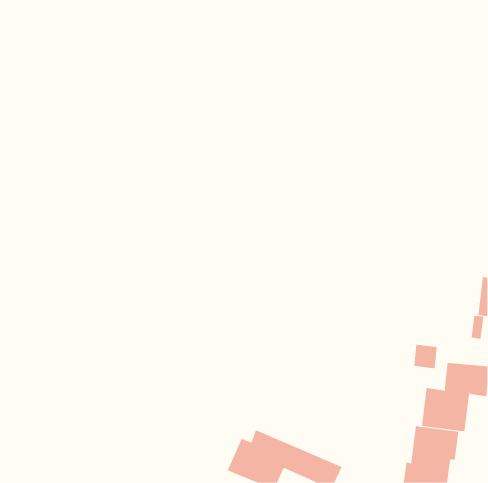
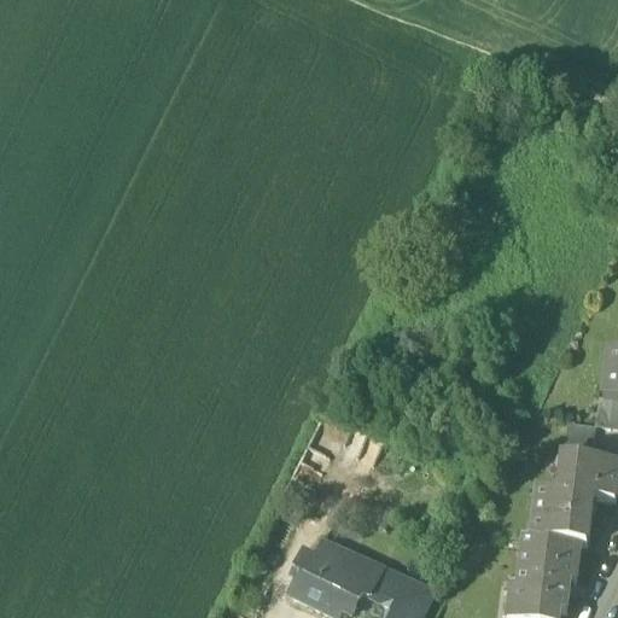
building: [414,344,437,369] -> [564,422,594,454]

